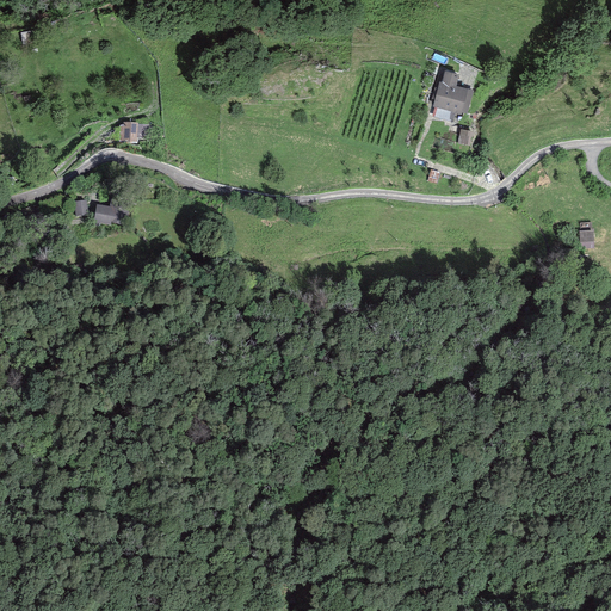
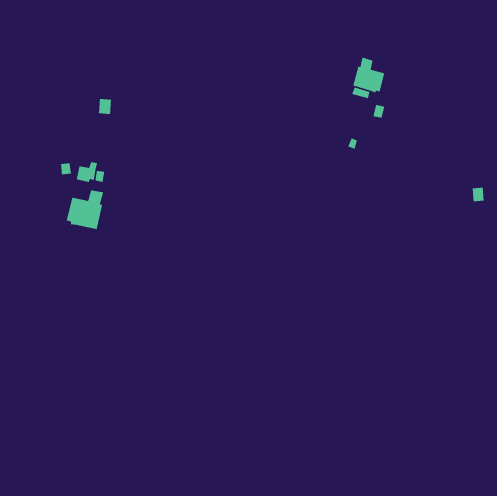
building: none -> [66,190,104,230]

